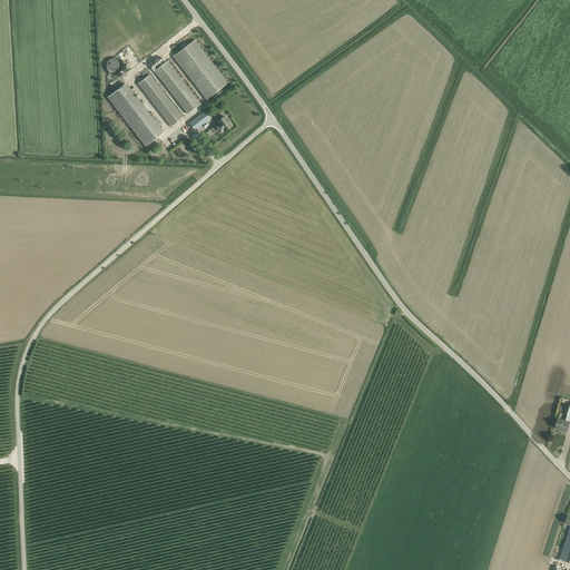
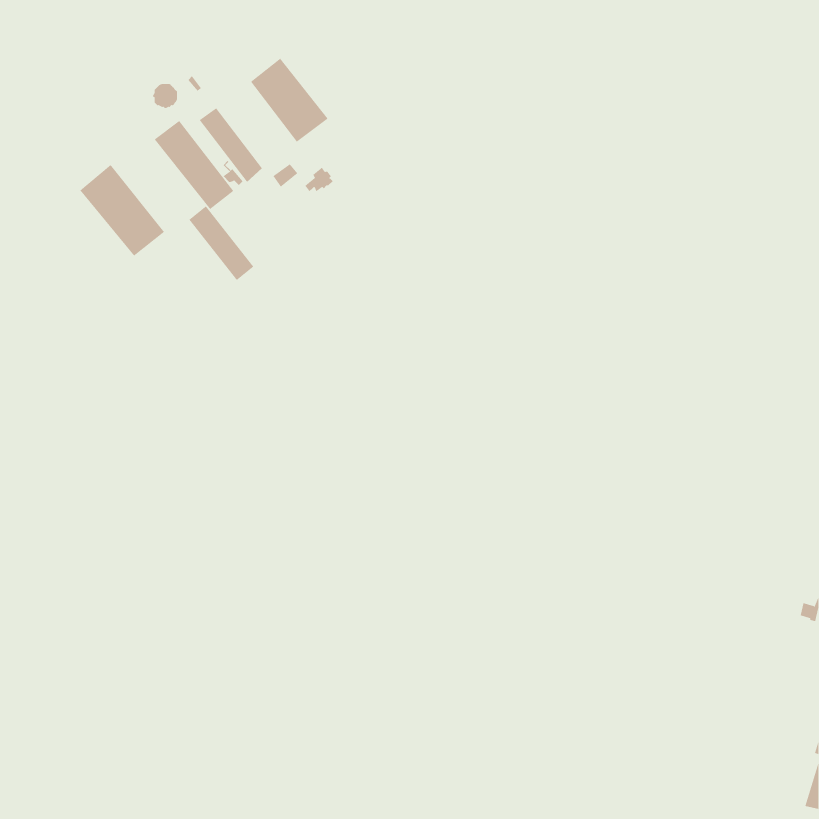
building: [155,61,200,114] -> [188,205,254,281]
building: none -> [79,164,165,256]

